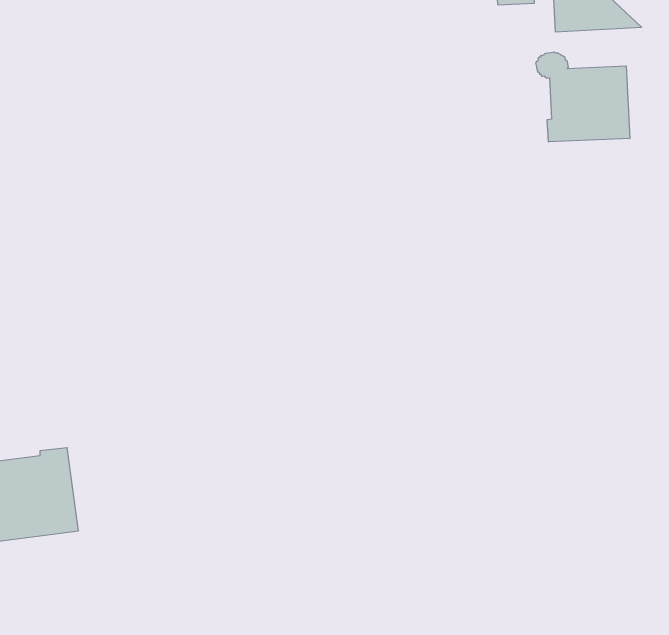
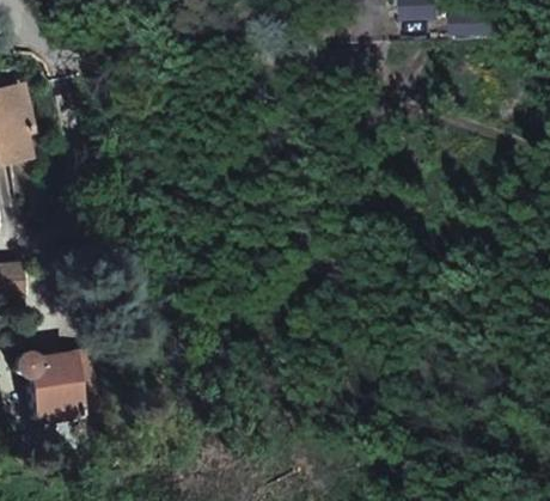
building: [536,52,630,142] -> none

